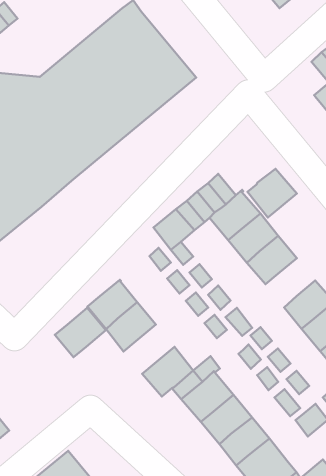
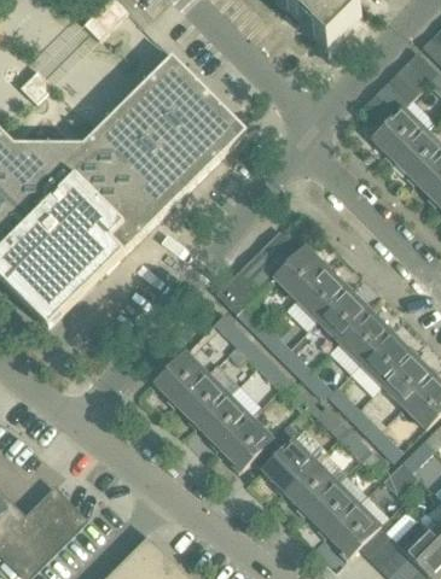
building: [248,169,297,217] -> none
building: none -> [340,311,391,364]
building: [55,308,106,357] -> [197,394,250,448]

